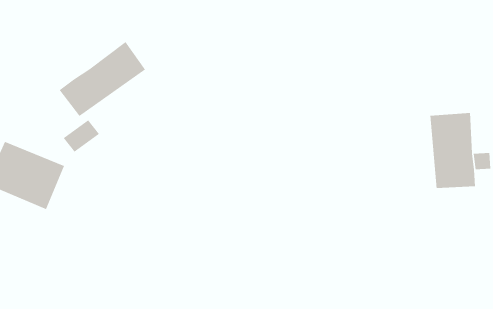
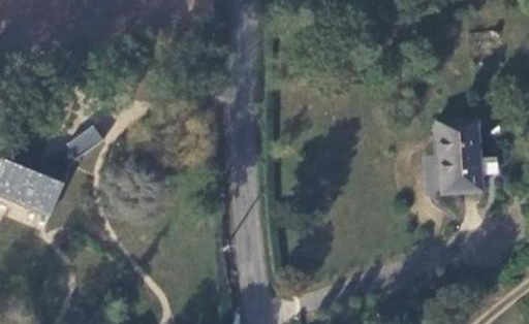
building: [59,41,146,117] -> none

